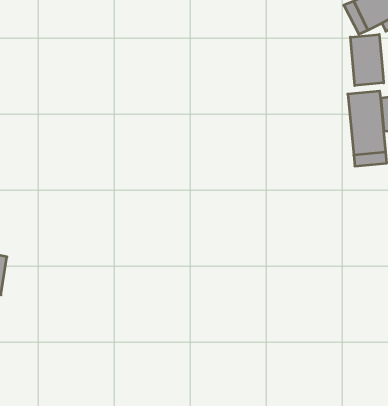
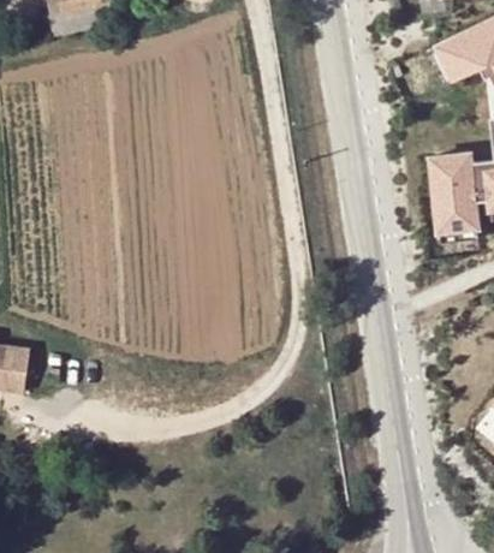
building: [350,34,384,86] -> none

